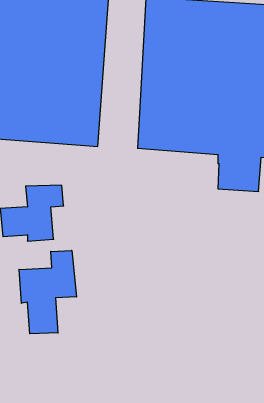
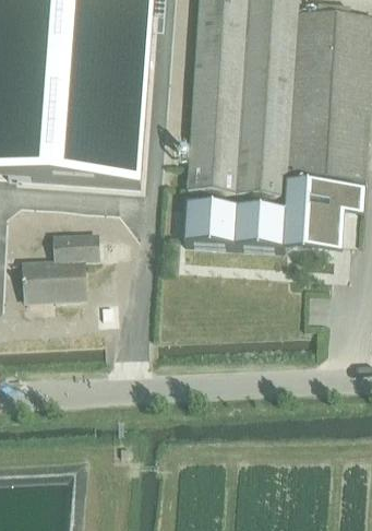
building: none -> [184,198,286,246]
building: [19,250,76,334] -> none

